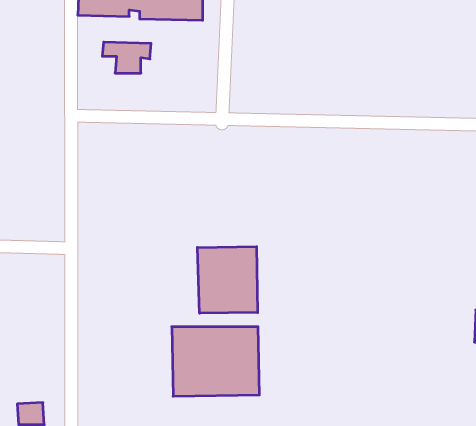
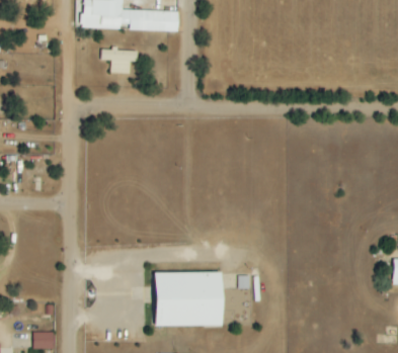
building: [197,247,258,313] -> none

